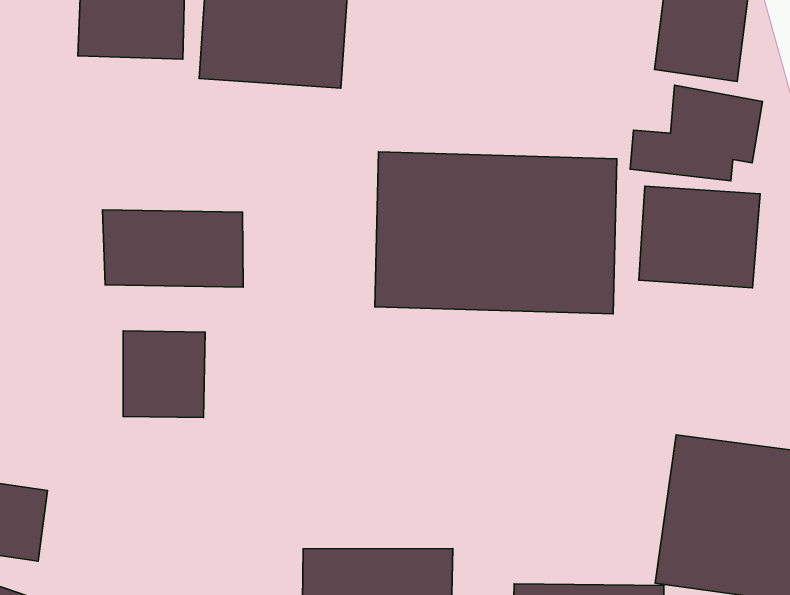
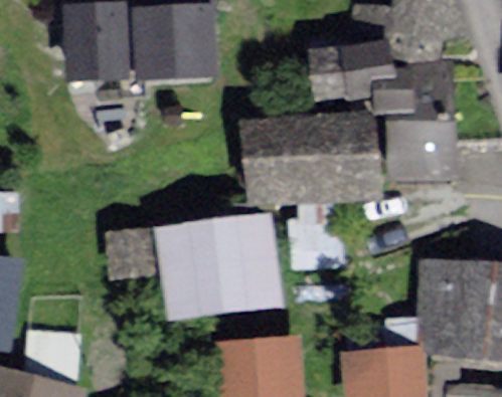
building: none -> [315,42,390,105]
building: [102,210,243,287] -> none
building: none -> [159,214,280,320]

